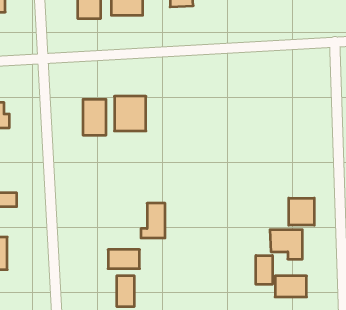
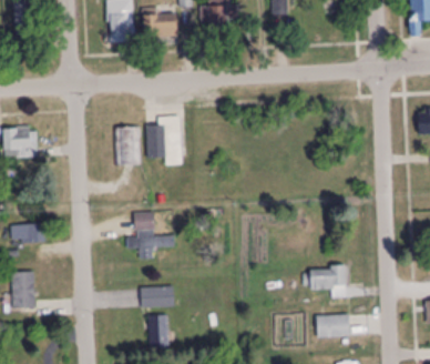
building: [289,198,314,225] -> none
building: [141,203,165,238] -> [129,212,154,249]
building: [256,255,272,284] -> none

